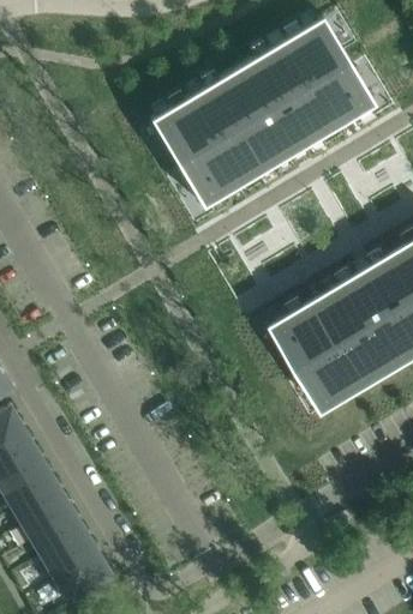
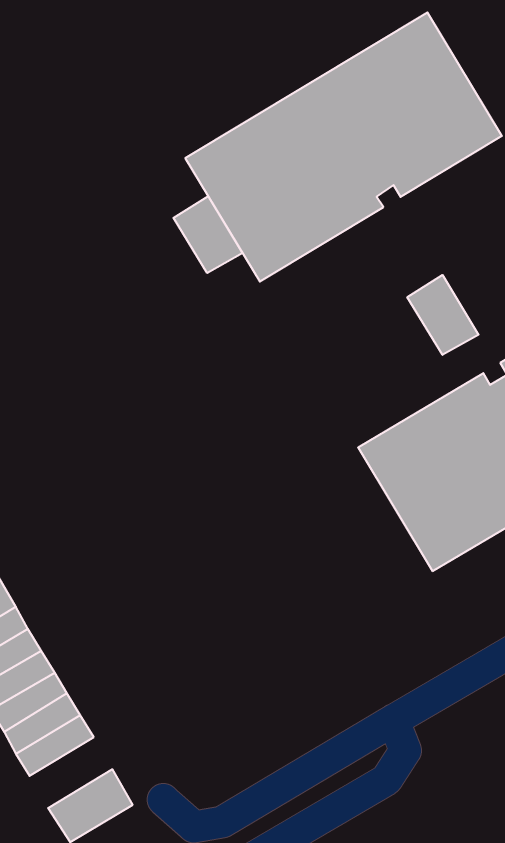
building: none -> [173,196,243,273]
building: none -> [407,275,479,355]
building: [40,530,98,580] -> none

